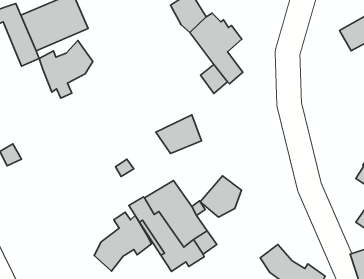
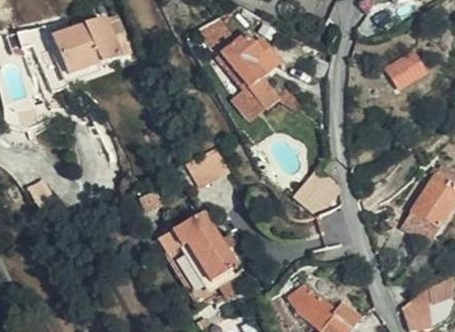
building: [39,40,93,98] -> none
building: [200,176,242,217] -> [290,170,334,214]
building: [94,212,152,271] -> none

